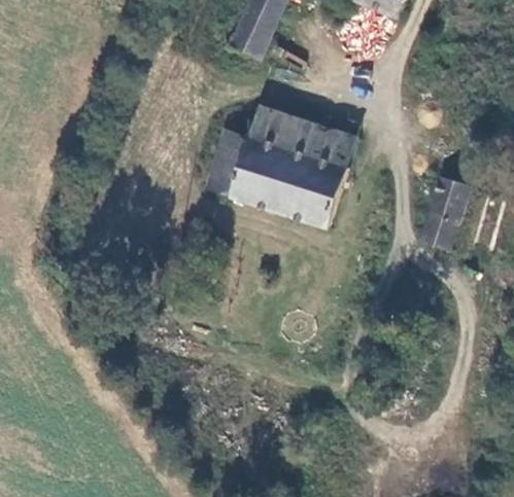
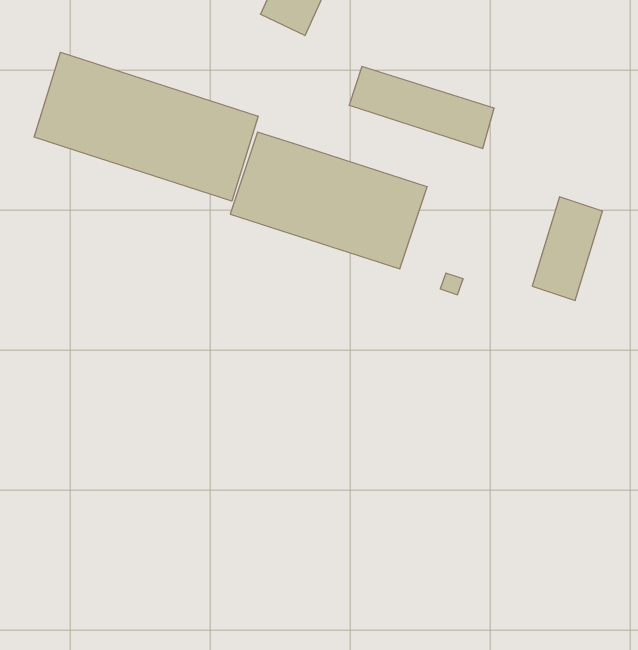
building: none -> [34,52,258,201]
building: [251,106,355,165] -> [349,66,494,149]

